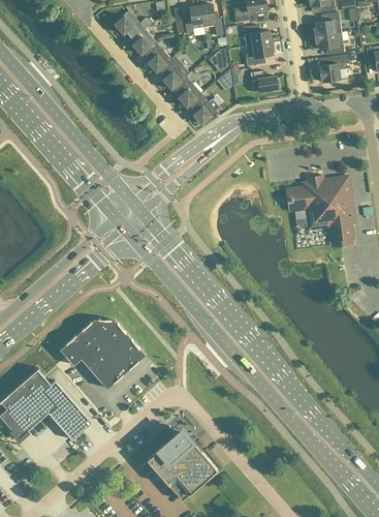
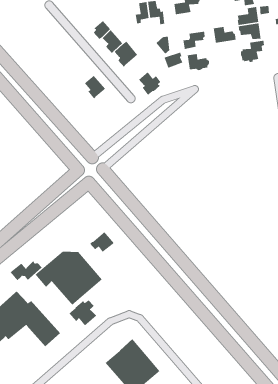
building: [115,11,151,40] -> none
building: [243,26,273,48] -> [213,26,237,44]
building: [173,77,201,108] -> [84,75,106,100]
building: [289,179,352,244] -> none
building: none -> [90,231,115,253]
building: none -> [9,260,42,281]
building: none -> [69,299,97,327]

